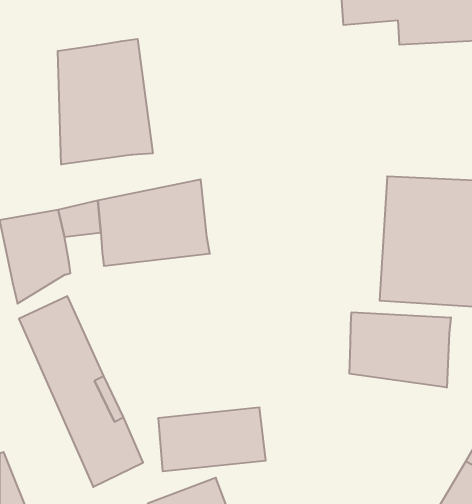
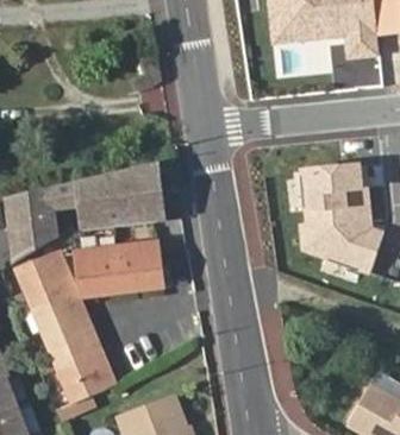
building: [58,39,153,165] -> none
building: [350,312,451,388] -> none
building: [158,408,266,471] -> [77,245,162,295]

